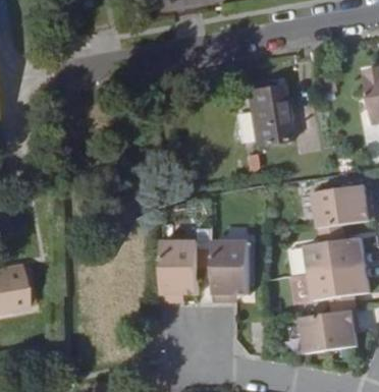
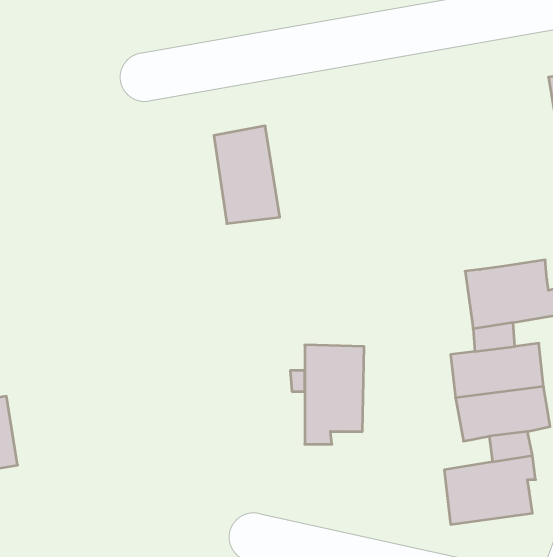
building: [248,88,289,150] -> [214,126,280,224]
building: [161,237,199,300] -> none

